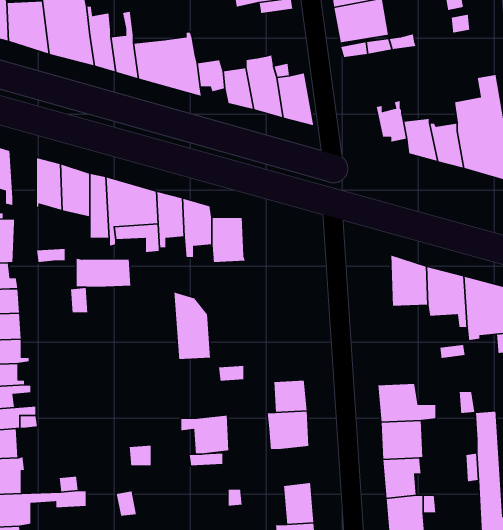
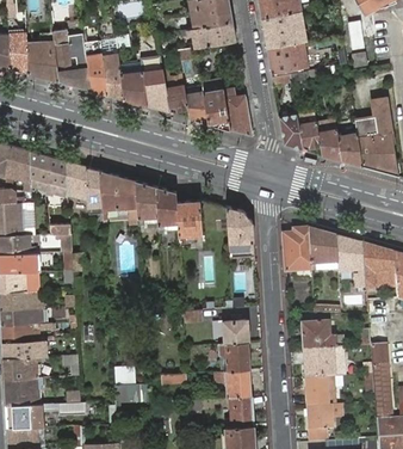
building: none -> [279,112,304,149]
building: none -> [30,152,49,193]
building: none -> [283,228,311,272]
building: [76,258,131,287] -> none
building: [174,291,211,360] -> [227,207,254,257]
building: [180,415,229,454] -> [215,369,250,398]

